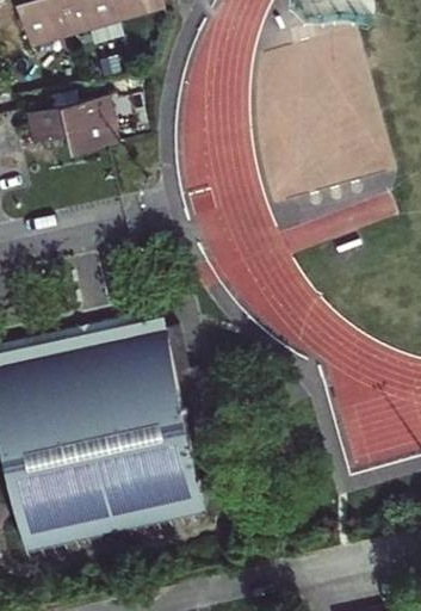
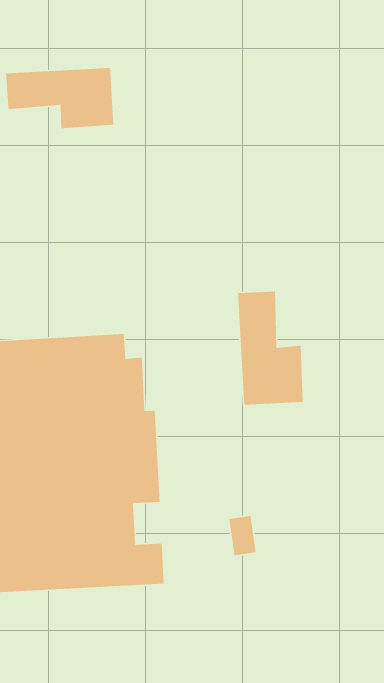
building: none -> [237,291,303,405]

